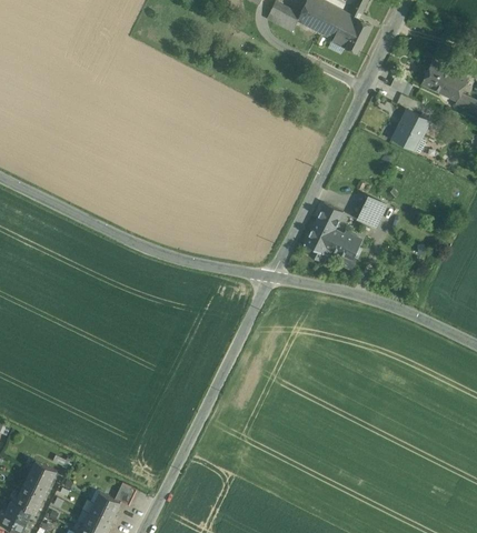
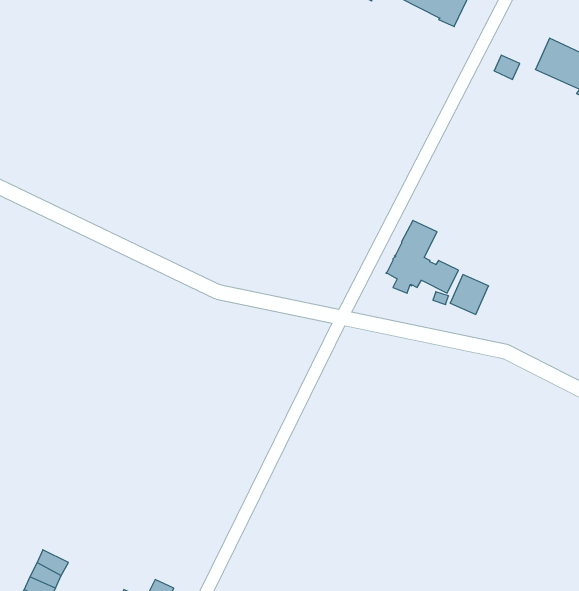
building: [392,110,429,153] -> none
building: [358,195,388,227] -> [450,275,489,314]

